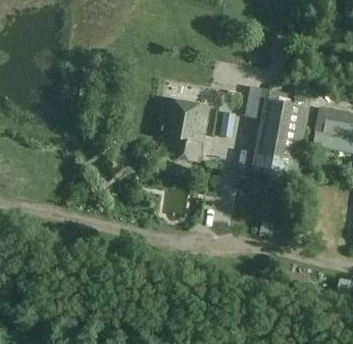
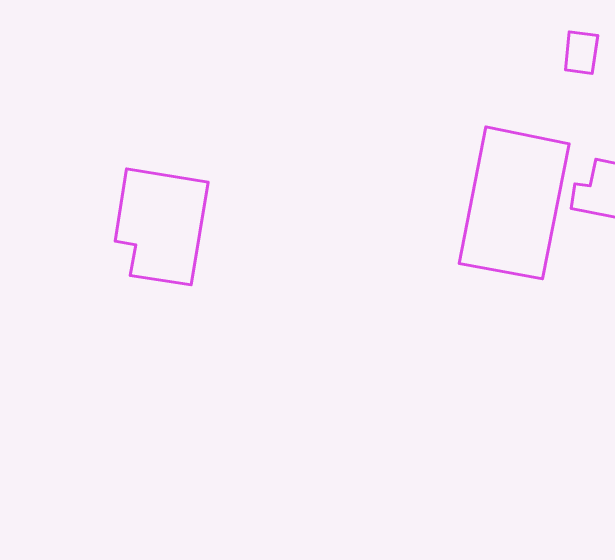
building: [156,92,206,154] -> [115,169,208,285]

